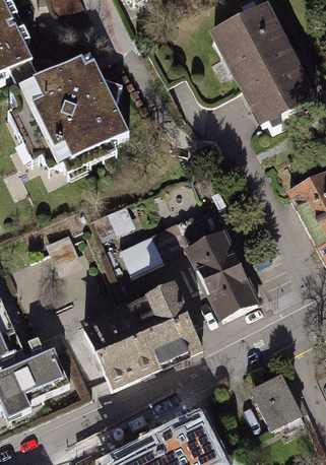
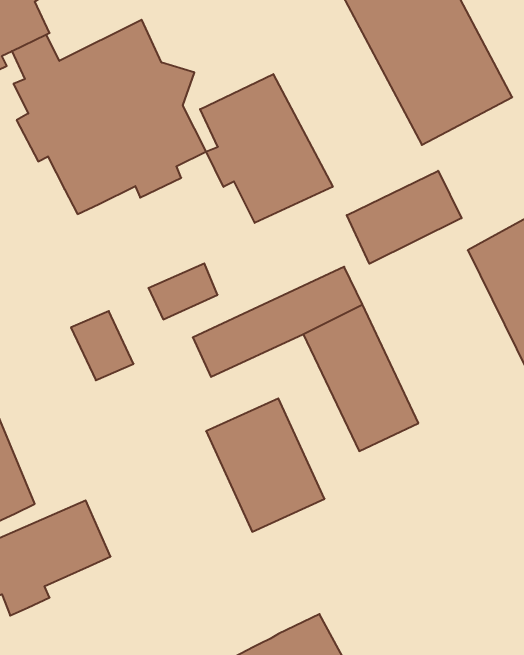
building: none -> [200,74,333,223]
building: none -> [347,171,462,264]
building: [83,304,156,386] -> none
building: [252,375,303,430] -> none

